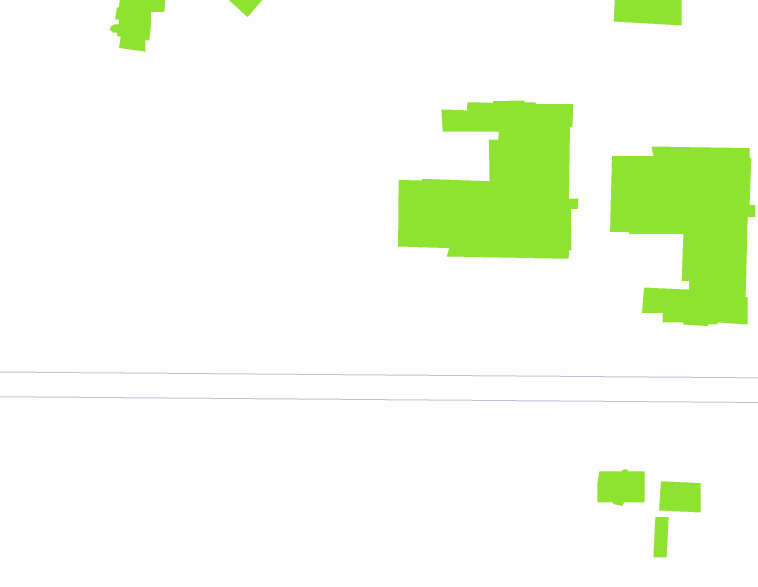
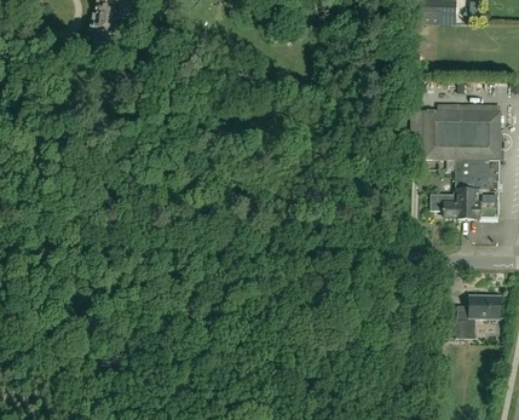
building: [397,100,579,260] -> none
building: [597,469,646,506] -> [469,293,501,317]

